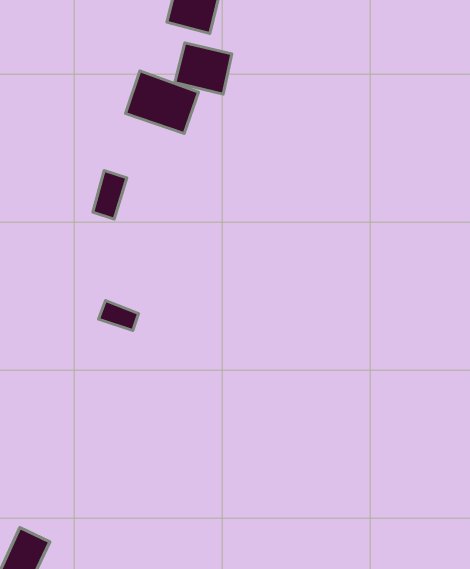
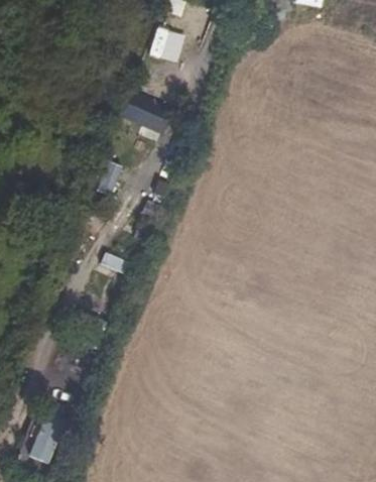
building: [175,43,232,94] -> none

